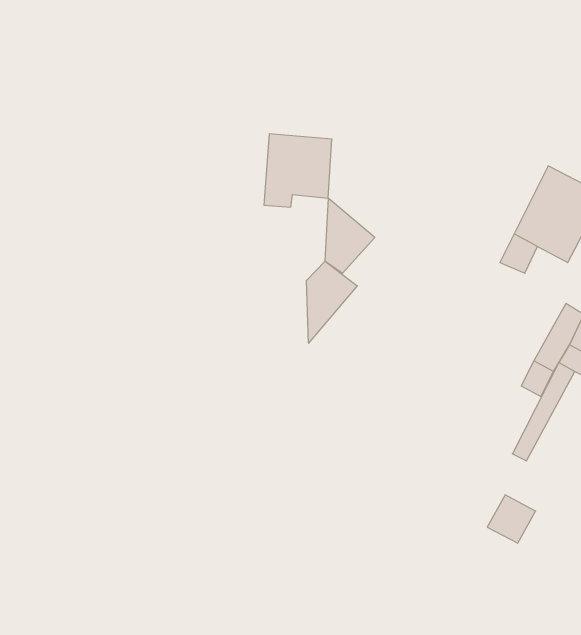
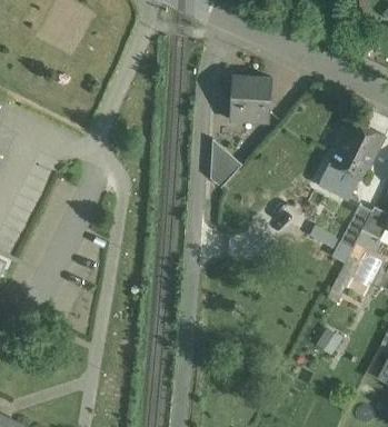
building: [264,134,332,207] -> [229,75,271,120]
building: [306,261,357,343] -> none

